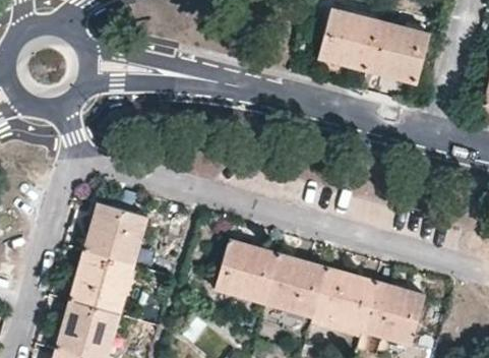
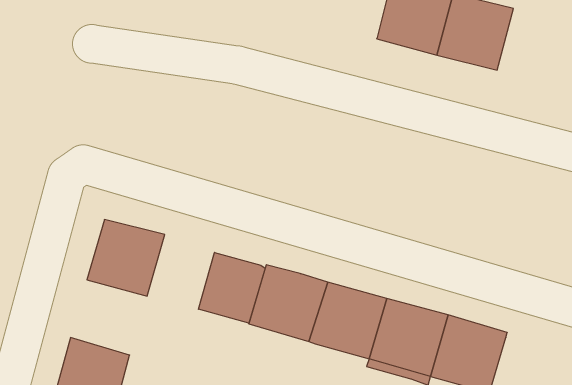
building: none -> [198,252,265,323]
building: [70,252,132,313] -> none

